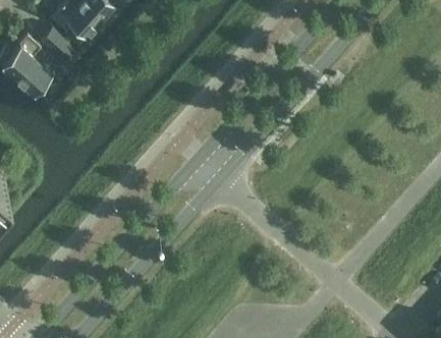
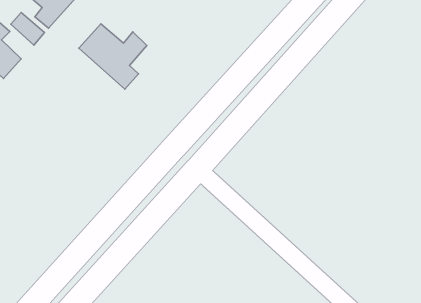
building: none -> [79,24,147,89]

